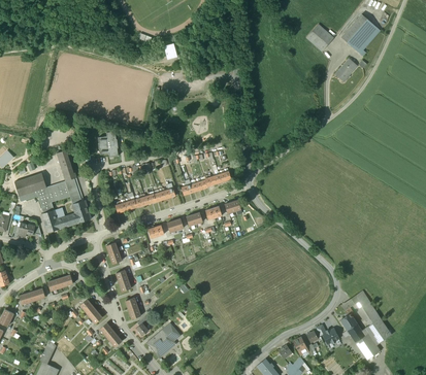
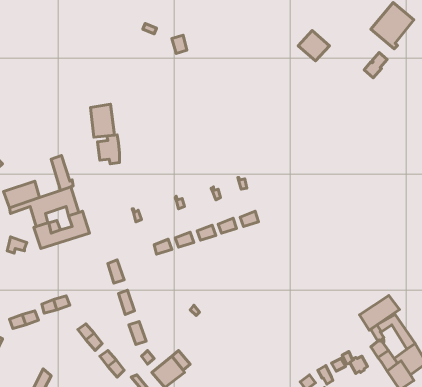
building: [306,25,334,52] -> [298,31,329,61]
building: none -> [90,104,114,137]
building: none -> [359,295,399,330]

